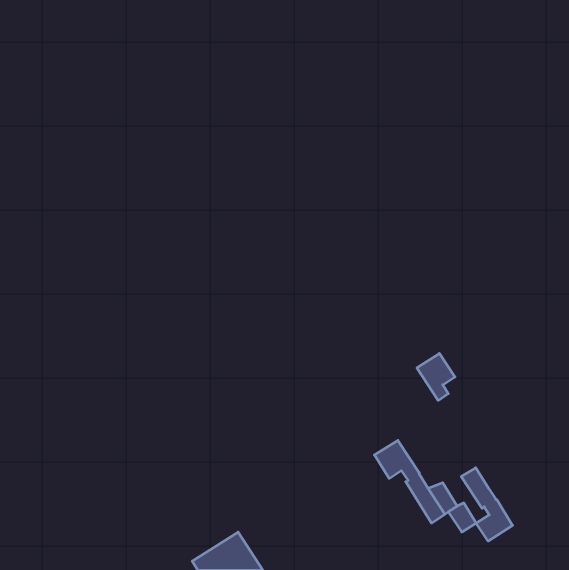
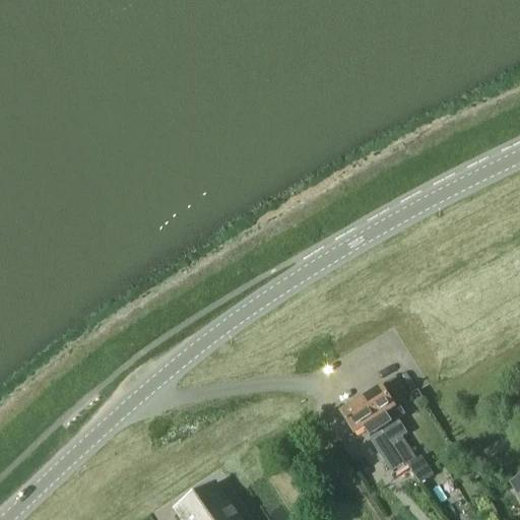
building: [417,353,455,400] -> [364,387,398,430]
building: [461,468,513,541] -> none

